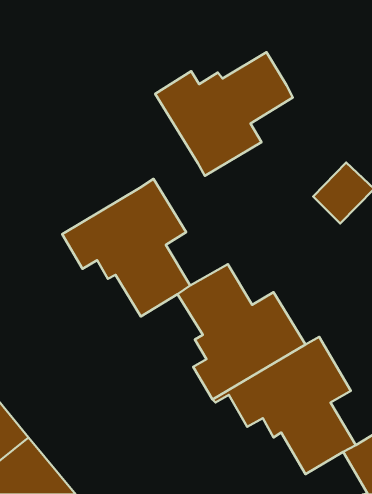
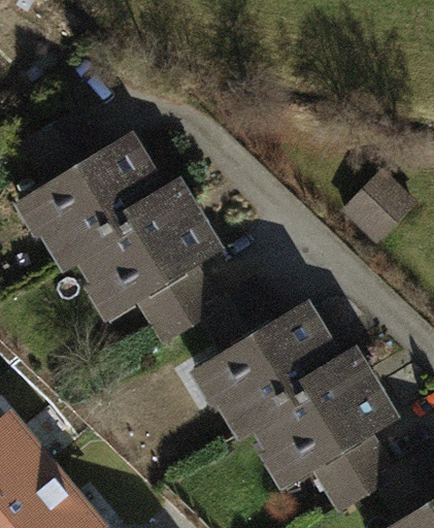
building: [155,52,293,176] -> none
building: none -> [27,112,163,259]

